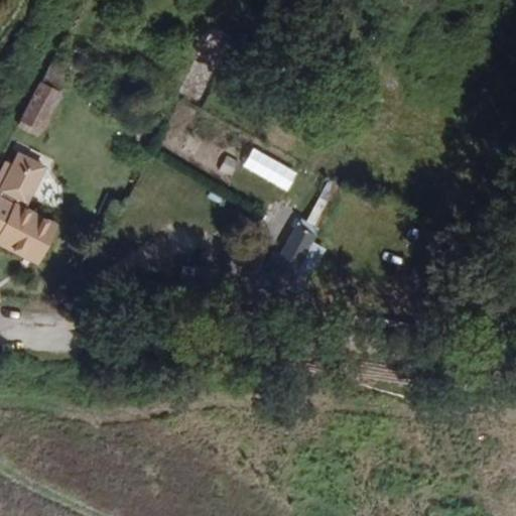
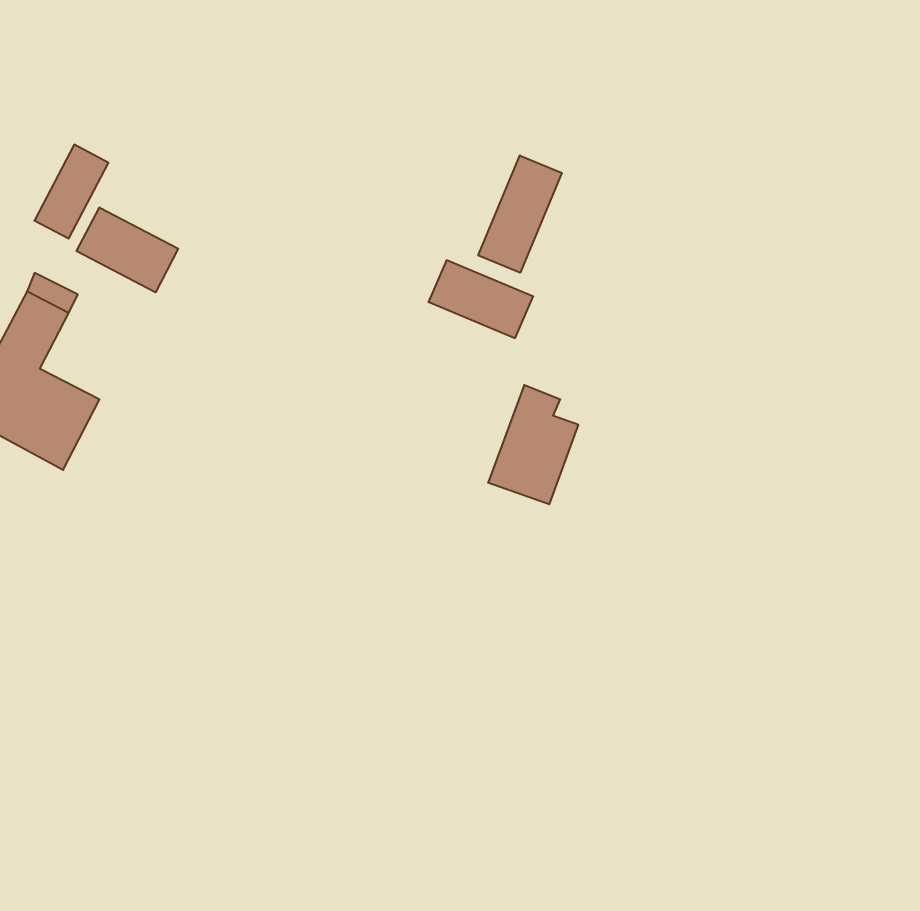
building: none -> [478,155,562,273]
building: none -> [77,207,178,292]

